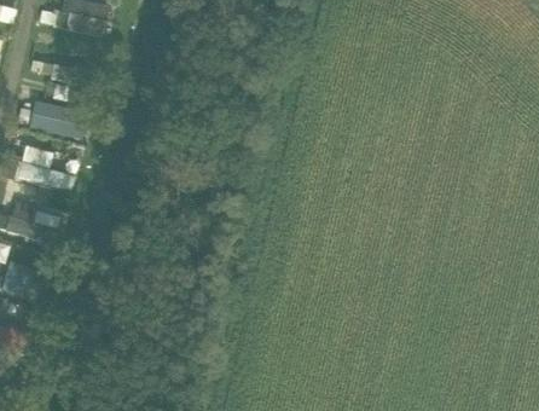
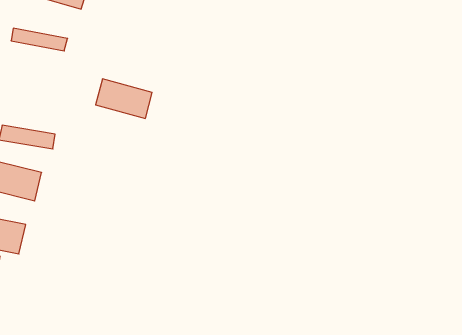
building: [28,98,88,140] -> [96,79,152,118]

